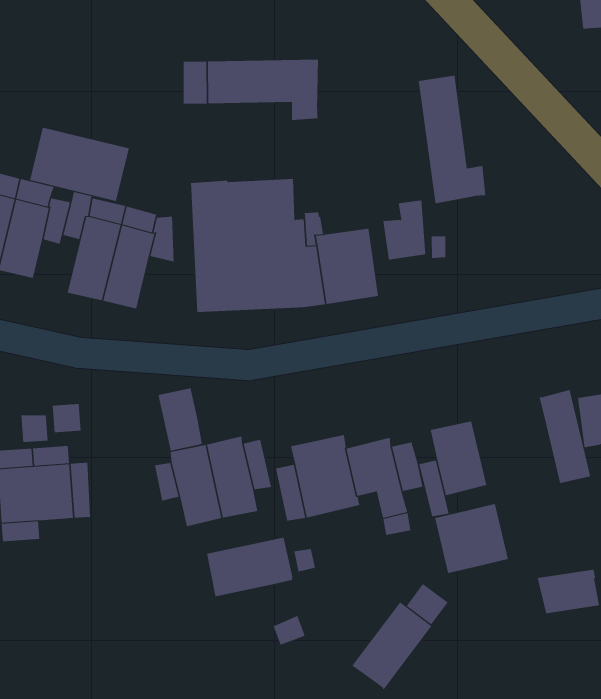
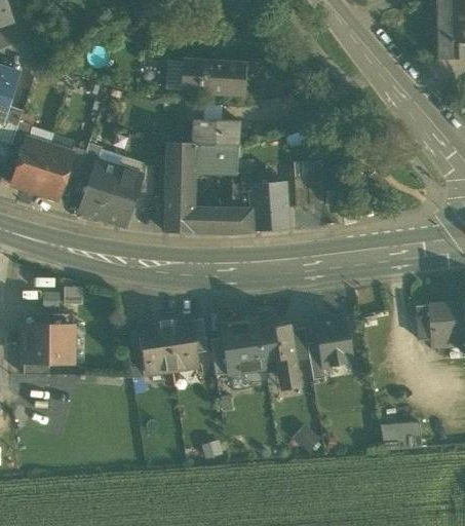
building: [418,75,486,204] -> none
building: [29,127,129,202] -> none
building: none -> [193,109,239,145]
building: [158,388,202,452] -> none
building: [539,389,591,484] -> none
building: [435,503,509,574] -> none
building: [206,537,293,597] -> none
building: [352,601,432,690] -> none

